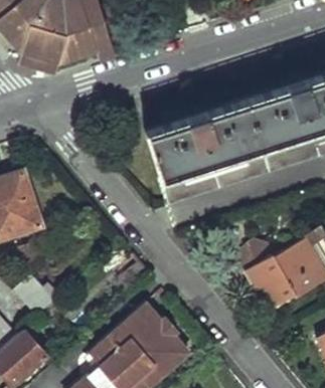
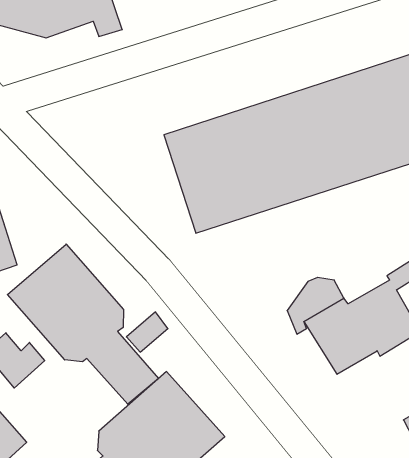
building: none -> [7,244,159,404]

